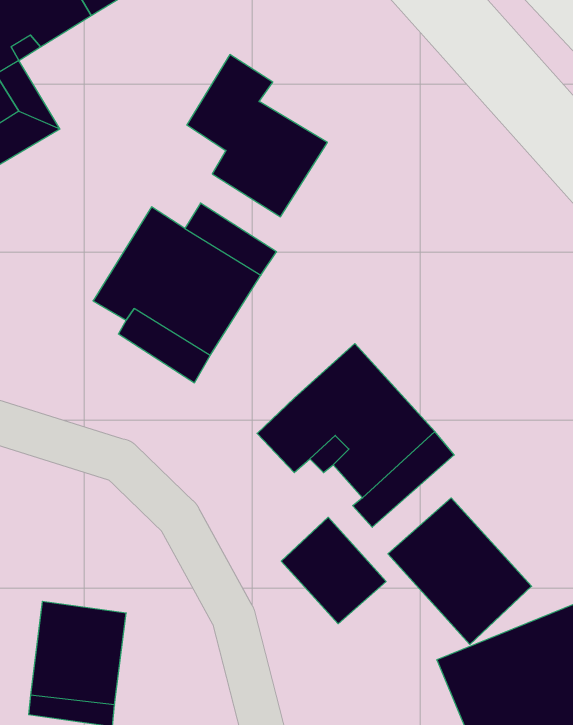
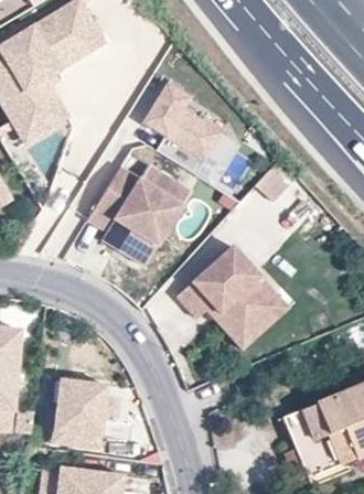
building: [388,498,532,644] -> none
building: [281,517,386,624] -> none

